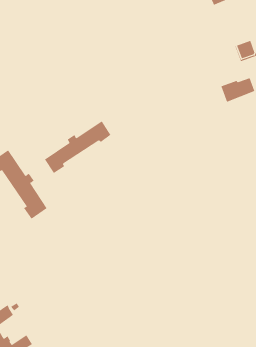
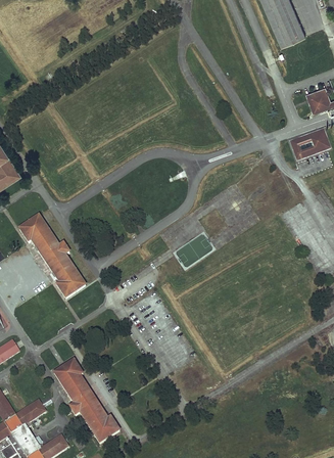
building: [44,120,111,174] -> none
building: none -> [55,361,121,445]

